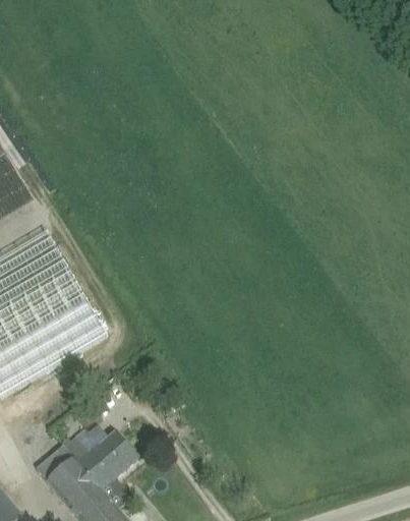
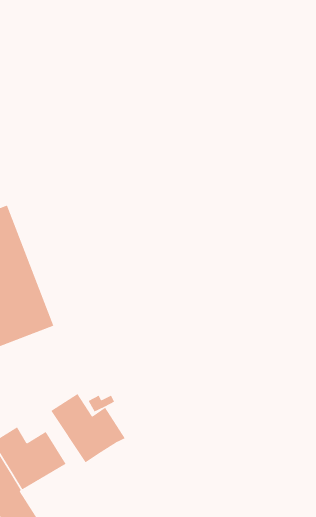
building: none -> [50,393,126,463]

